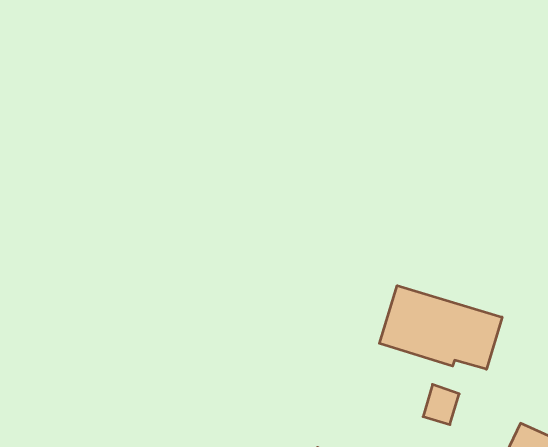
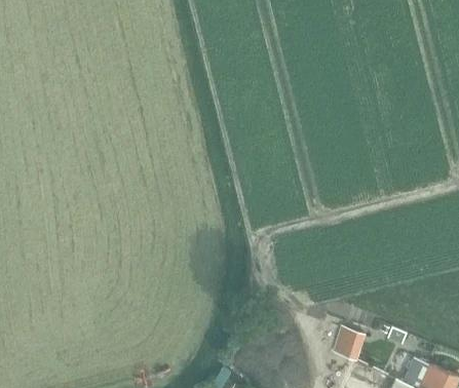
building: [379,286,502,369] -> none

